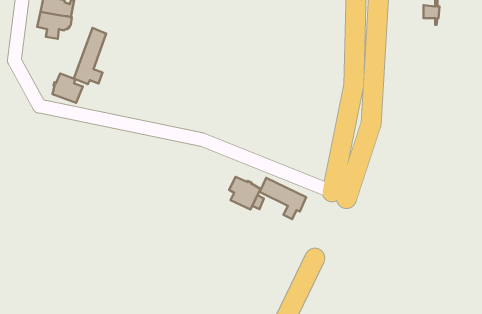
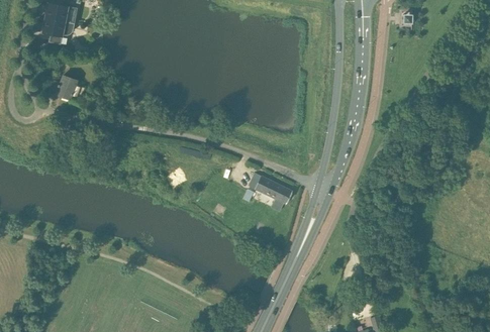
building: [74,28,106,84] -> none
building: [229,177,260,209] -> none

